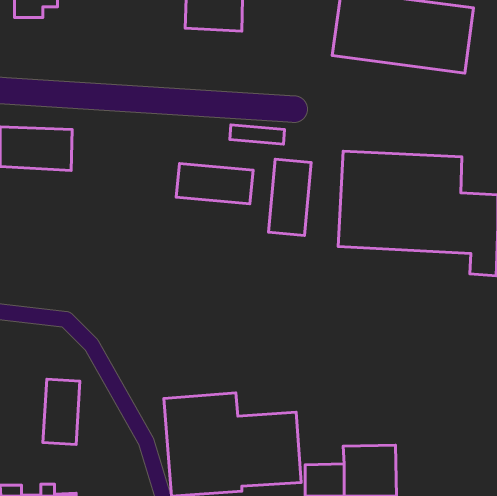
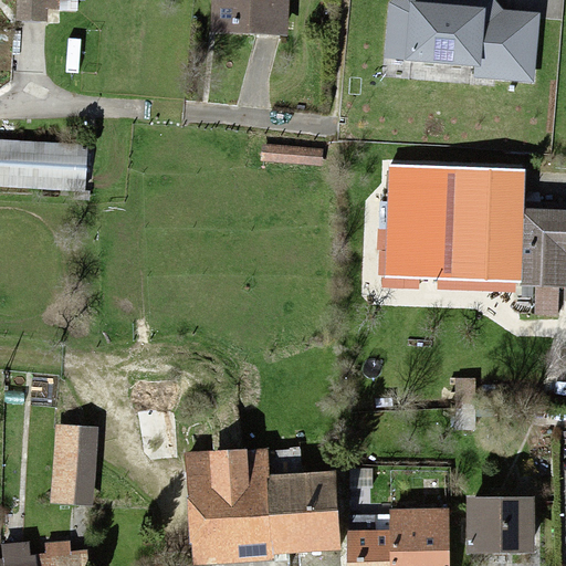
building: [269,159,311,235] -> none
building: [176,164,253,204] -> none
building: none -> [469,494,534,548]

